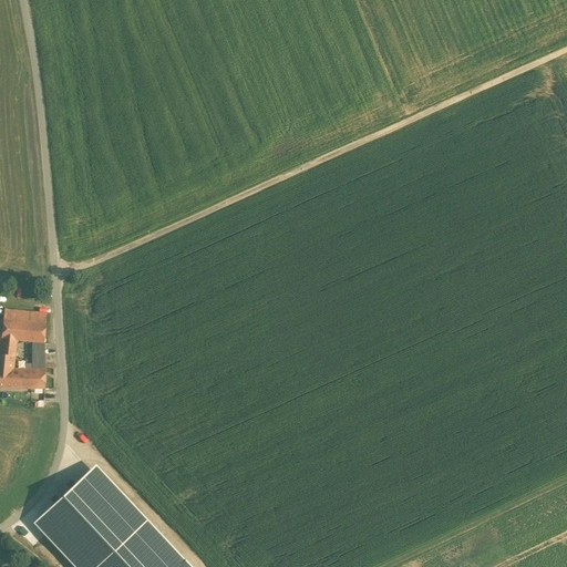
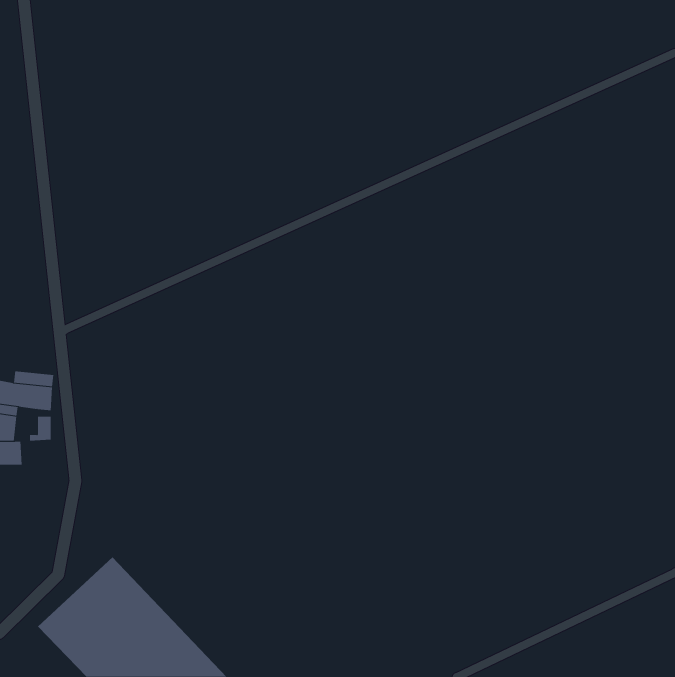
building: [18,368,44,389] -> none

